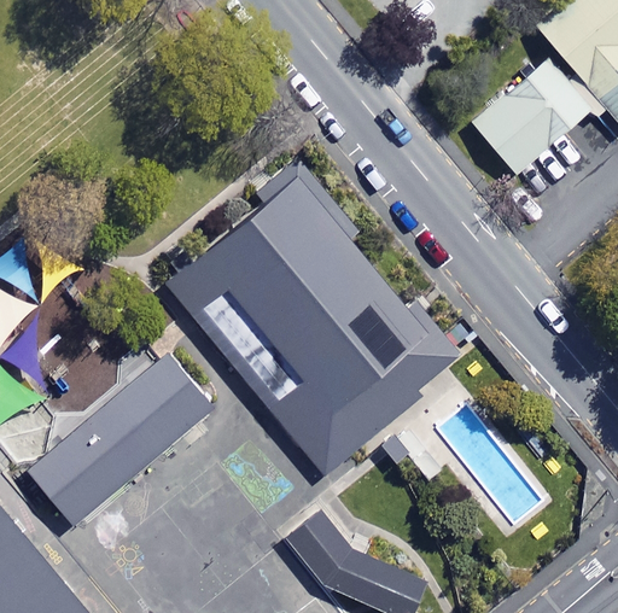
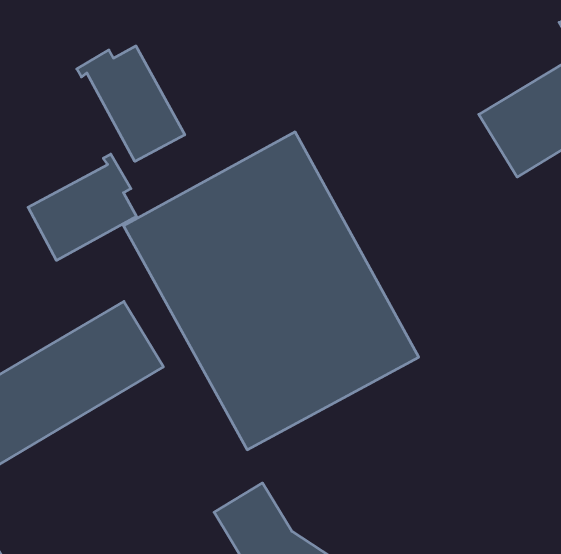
building: none -> [77,46,185,161]
building: none -> [28,154,136,260]

